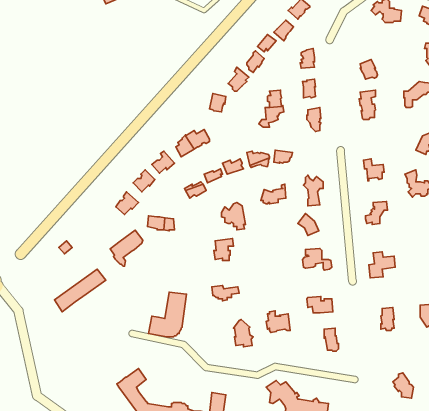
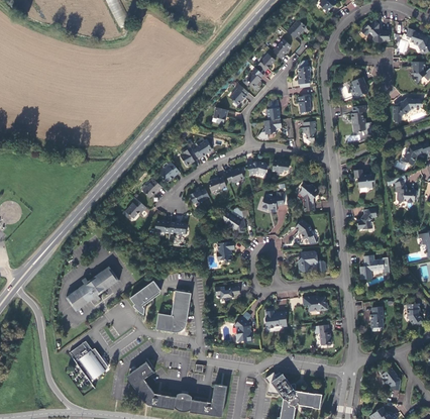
building: [110,230,143,266] -> [130,281,160,314]
building: none -> [70,341,108,381]

